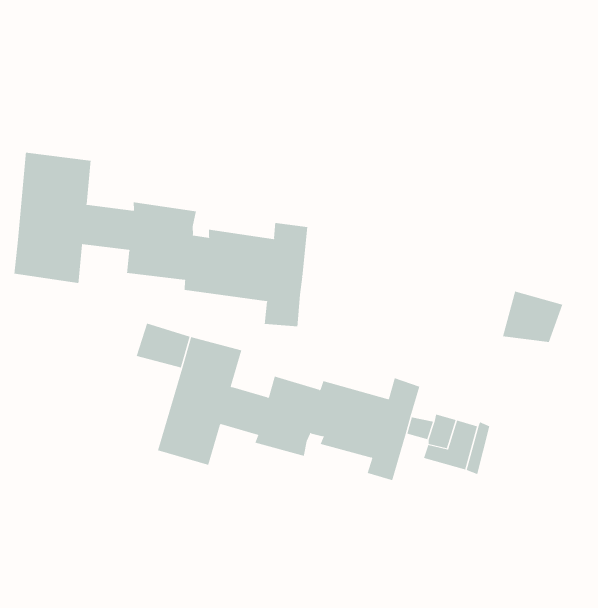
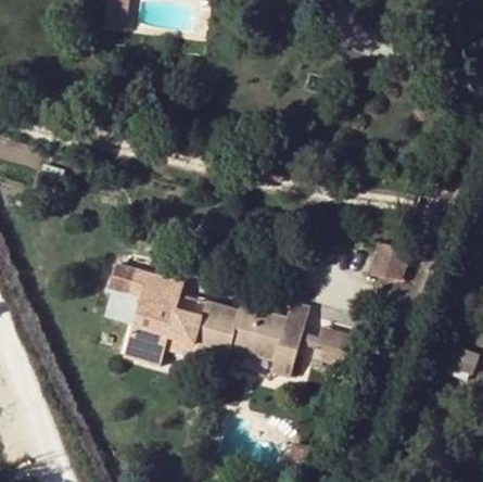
building: [14,152,308,327] -> none

